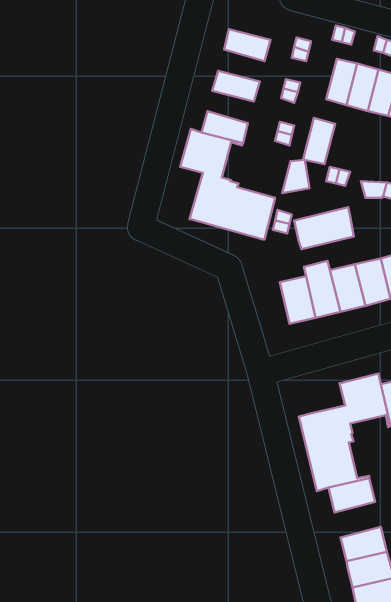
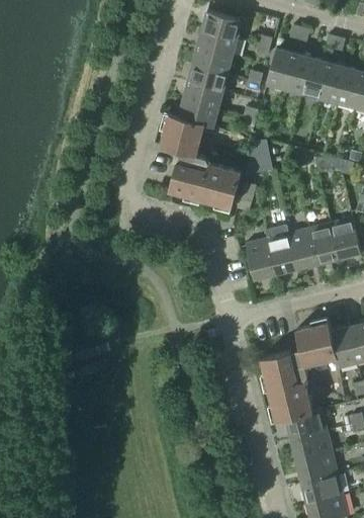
building: none -> [202,11,243,37]
building: none -> [193,46,233,73]
building: none -> [184,81,223,108]
building: [303,118,335,164] -> [267,49,294,88]
building: [294,207,354,249] -> none
building: none -> [292,431,332,461]

